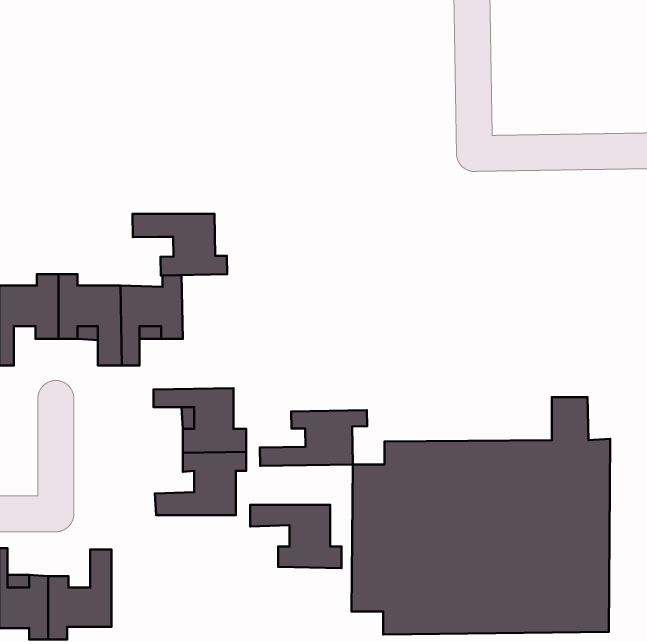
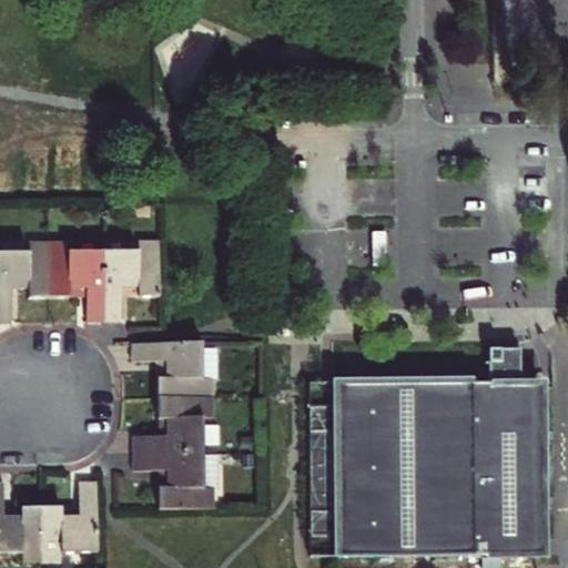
building: [133,214,227,275] -> none
building: [260,410,367,466] -> none
building: [250,505,341,568] -> [136,450,216,506]

